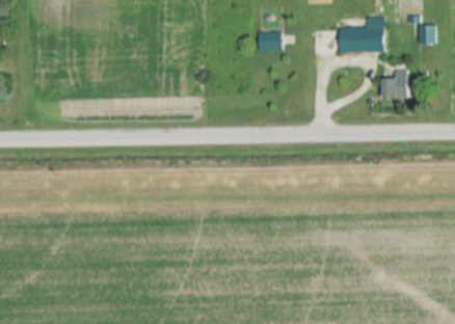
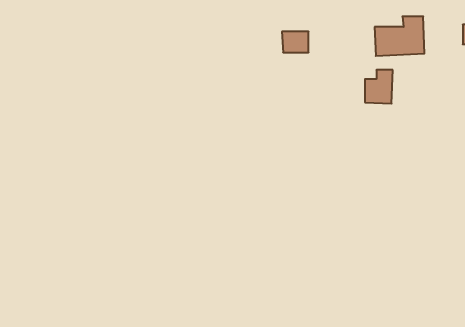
building: [382,69,407,99] -> [365,70,393,104]

